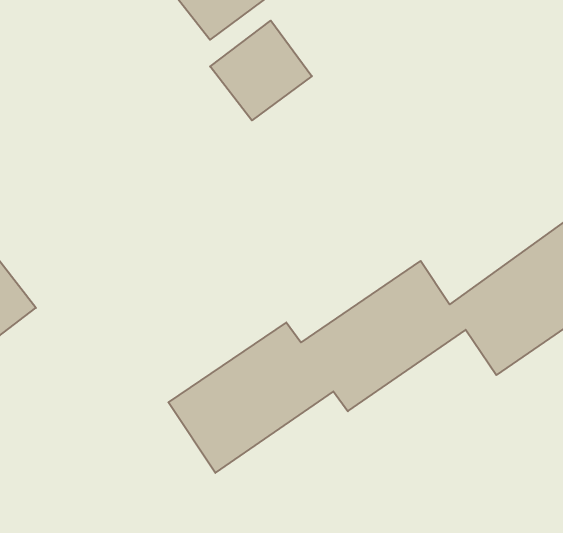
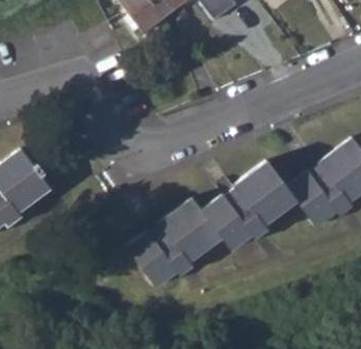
building: [210,21,312,120] -> none

